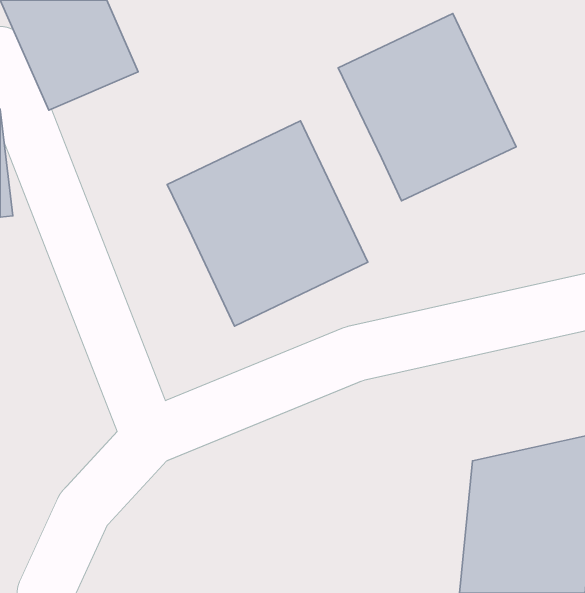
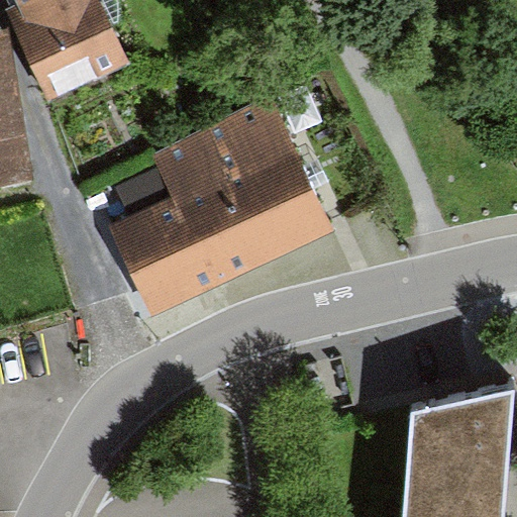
building: [338,14,516,201] -> none
building: none -> [109,200,211,313]

